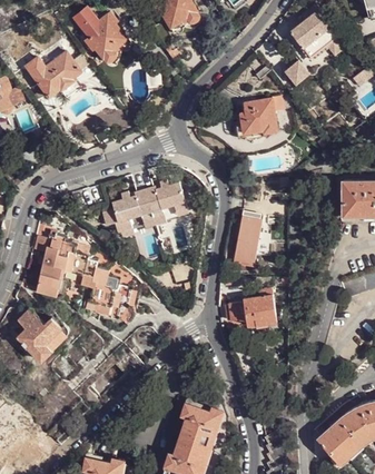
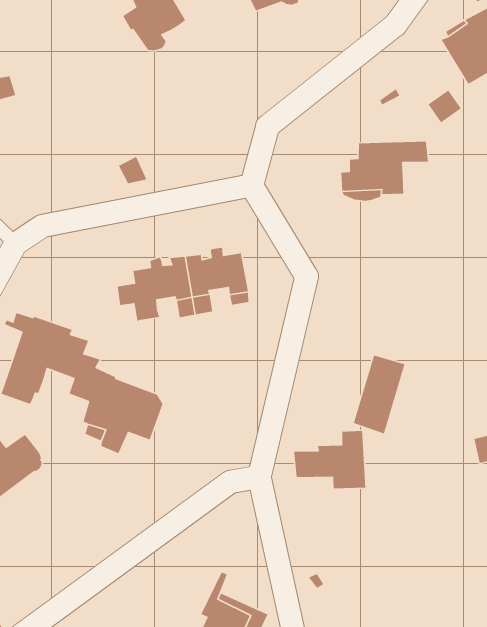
building: [24,51,80,98] -> none
building: [233,216,261,266] -> [353,355,406,435]

